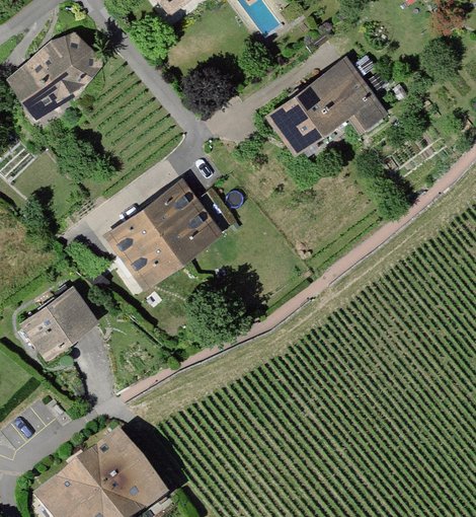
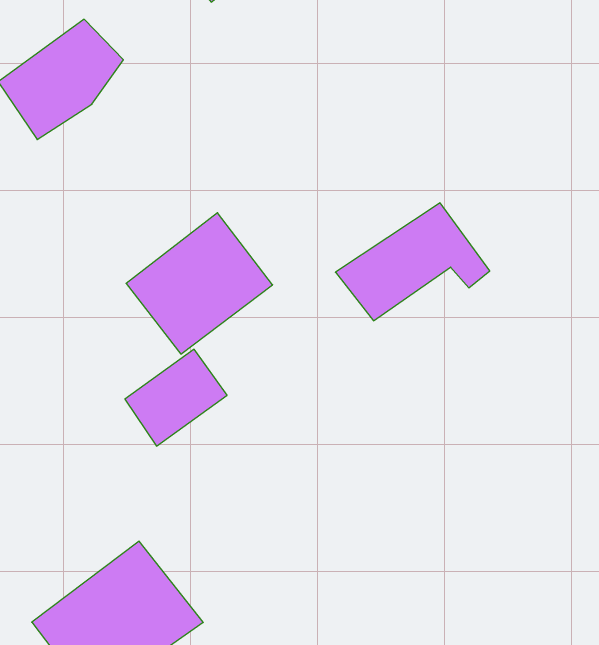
building: [268,60,388,151] -> [335,203,490,321]
building: [16,289,95,364] -> [125,349,227,446]

